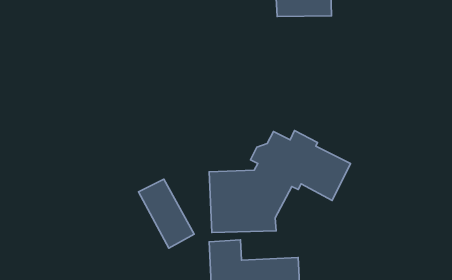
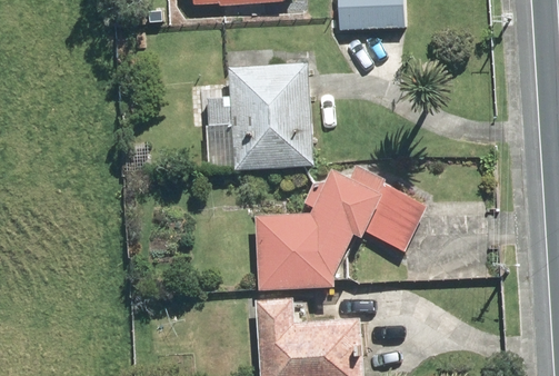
building: none -> [203,63,315,169]
building: [138,179,194,248] -> none

